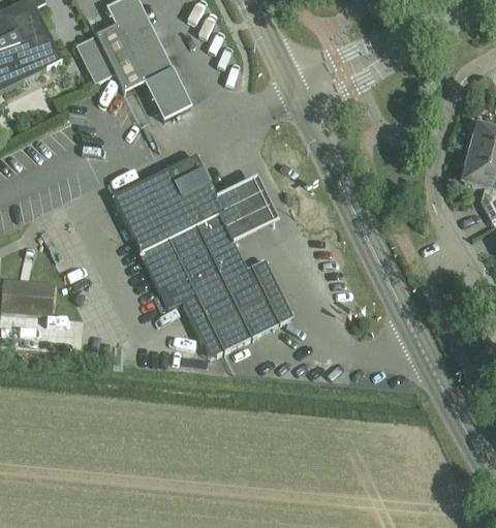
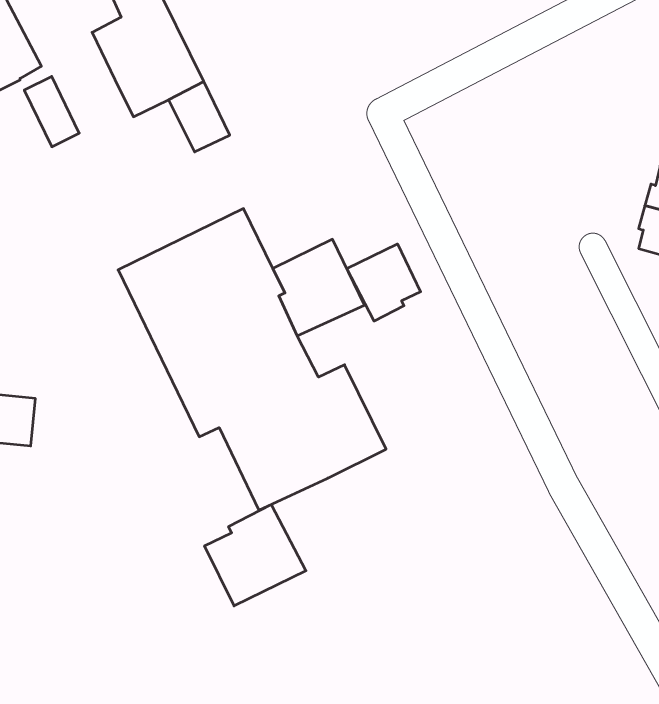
building: [76,35,114,83] -> [24,76,79,147]
building: none -> [347,244,421,321]
building: none -> [205,505,306,606]

